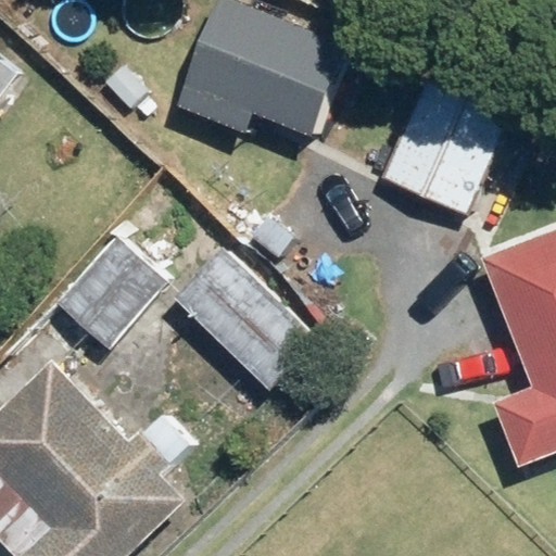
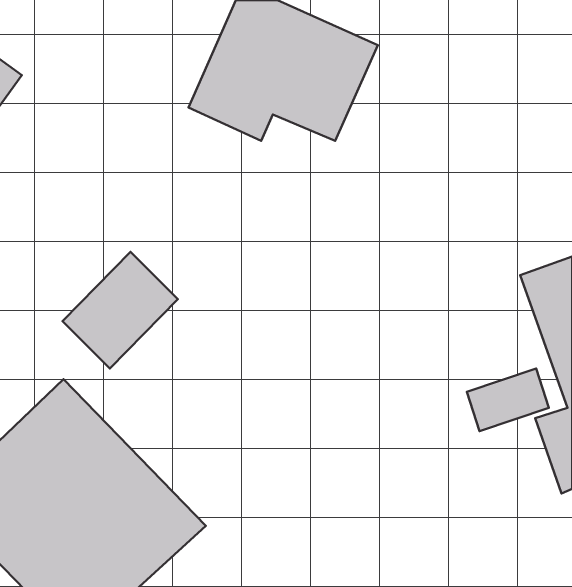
building: [383,75,511,214] -> none
building: [174,247,319,394] -> none

